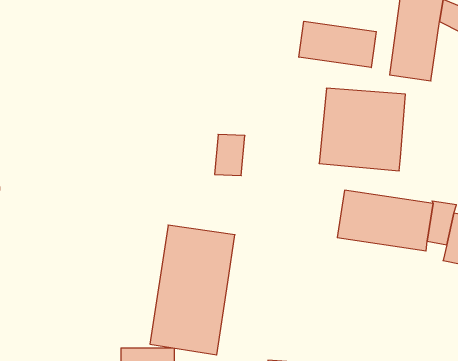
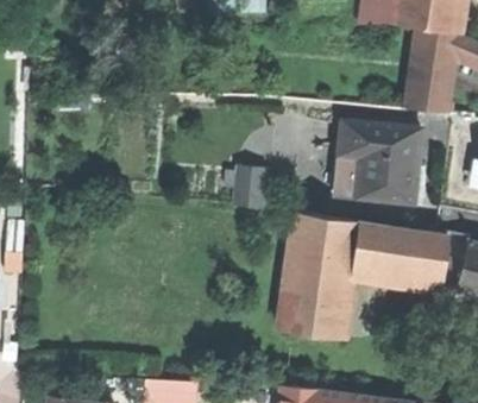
building: [299,21,376,68] -> none
building: [150,225,235,355] -> [278,214,361,341]

